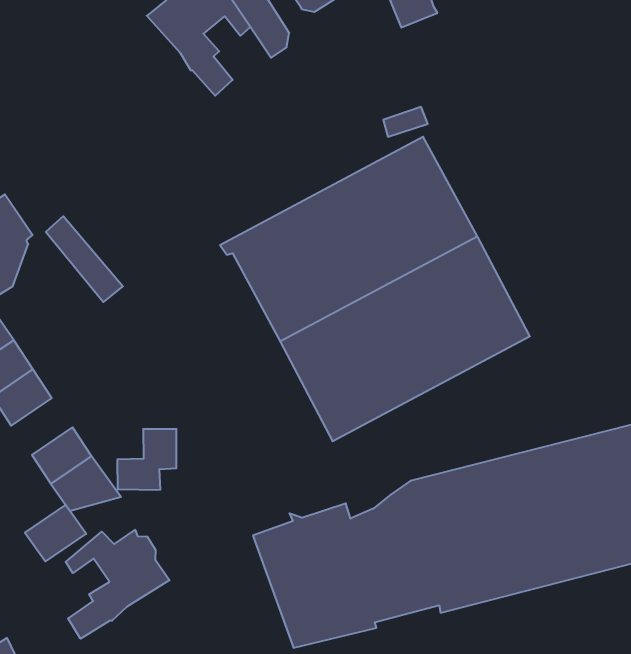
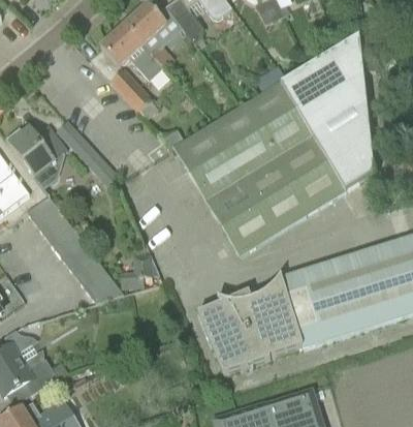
building: none -> [100,25,163,80]
building: none -> [280,34,379,191]
building: none -> [110,69,151,112]
building: [25,505,86,561] -> [60,240,94,272]
building: [66,530,170,639] -> none

